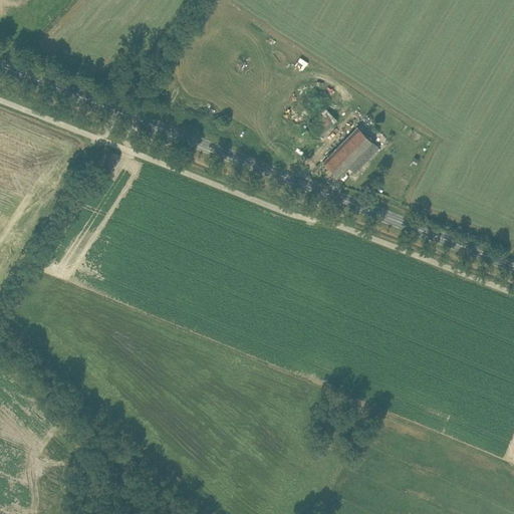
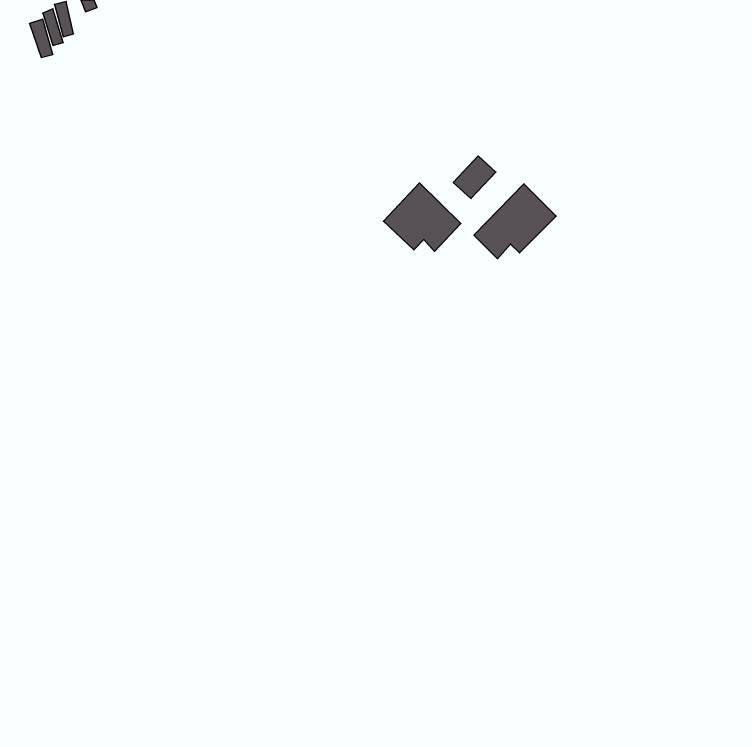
building: none -> [383,183,461,251]

